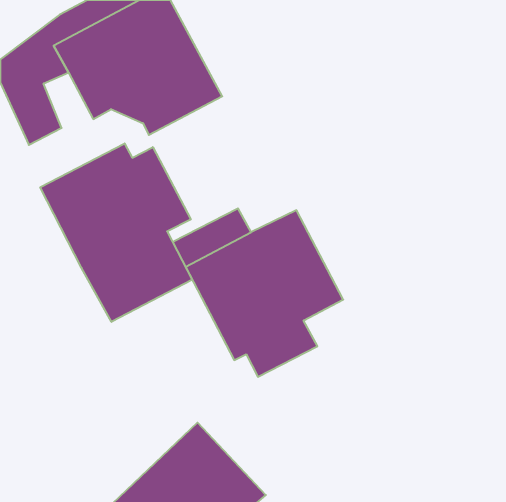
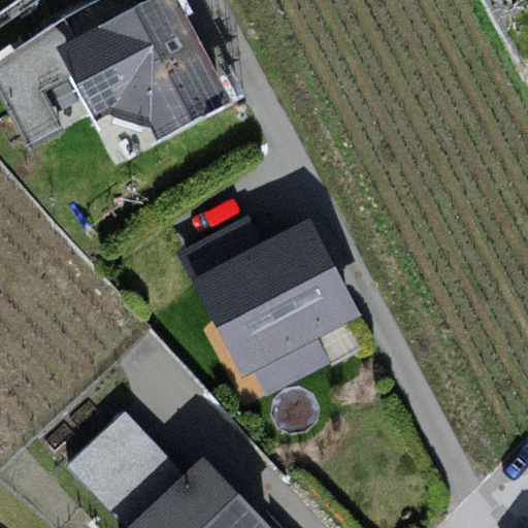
building: [40,143,192,322] -> none
building: none -> [68,403,183,518]

